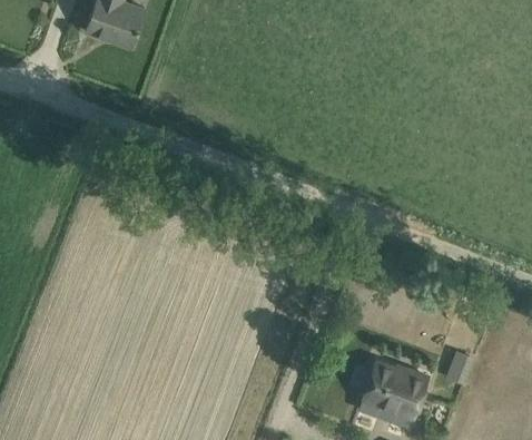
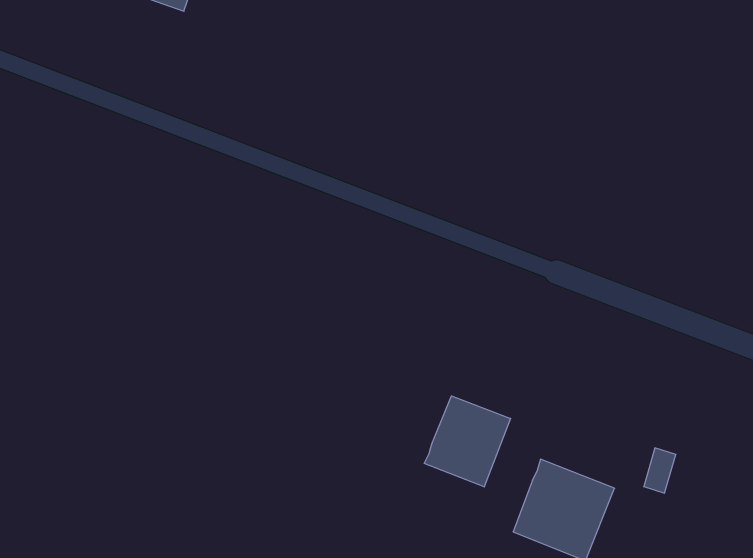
building: none -> [424,396,511,487]

